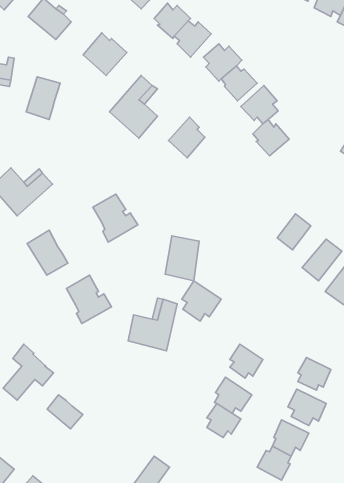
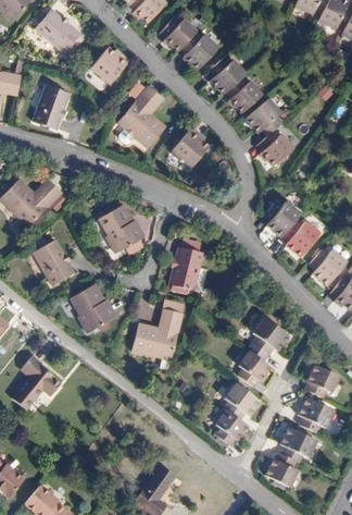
building: none -> [264,204,298,240]
building: [182,281,221,321] -> [247,320,286,360]
building: [47,395,83,429] -> none

